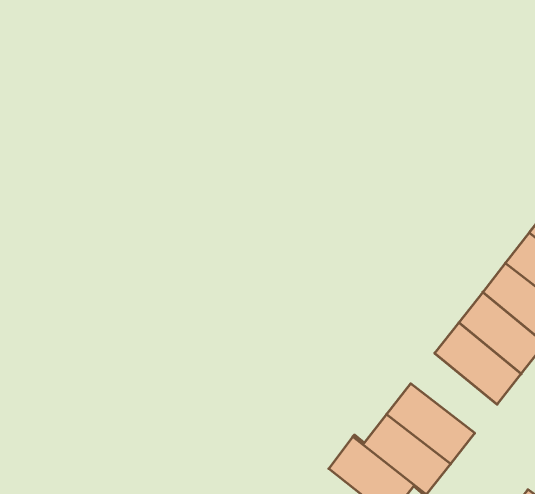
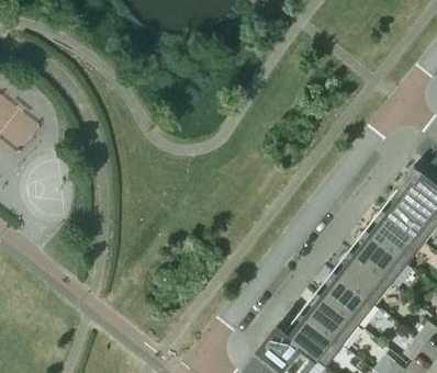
building: none -> [316,271,376,326]

